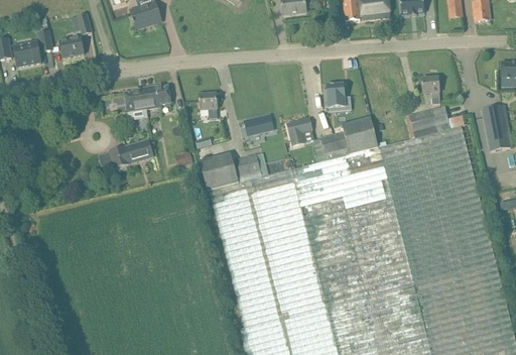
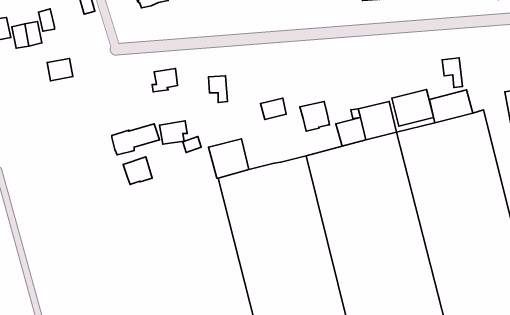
building: [59,36,84,57] -> [47,58,73,81]
building: [324,83,345,107] -> none
building: [124,89,150,111] -> [160,121,187,144]
building: none -> [392,89,434,126]
building: [233,154,262,182] -> none
building: none -> [123,157,152,185]

